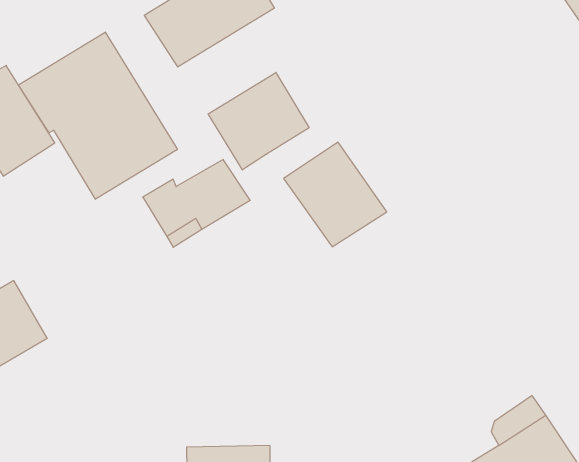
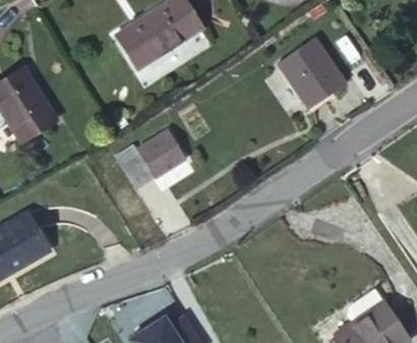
building: [18,32,177,199] -> none
building: [208,72,309,170] -> none
building: [284,142,387,247] -> [277,38,346,108]

